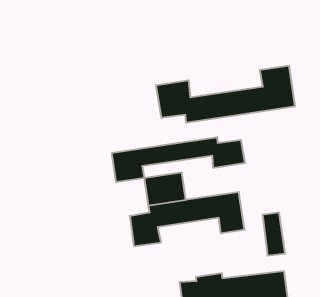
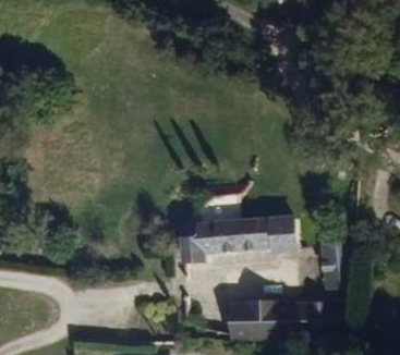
building: [156,66,295,123] -> none
building: [112,137,245,182] -> none

